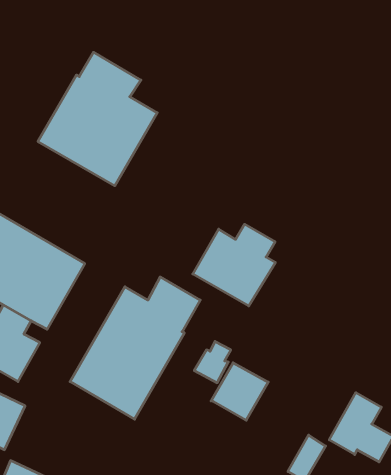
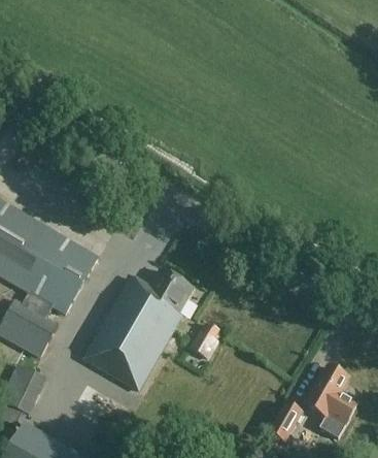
building: [38,52,157,186] -> none
building: [193,224,275,306] -> none
building: [211,363,268,420] -> none

